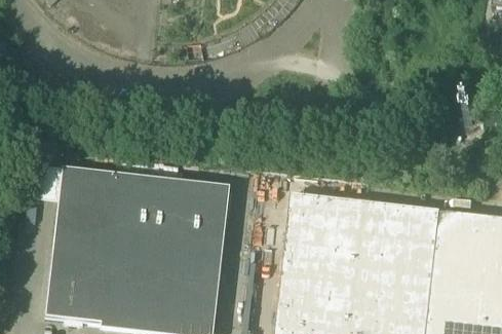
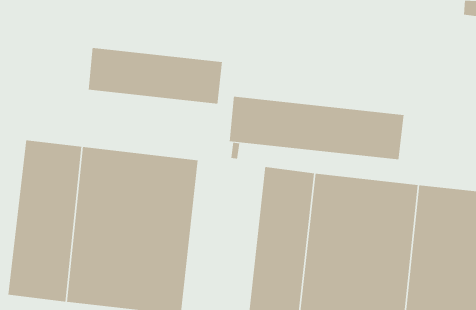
building: none -> [88,47,223,105]
building: none -> [229,96,404,160]

